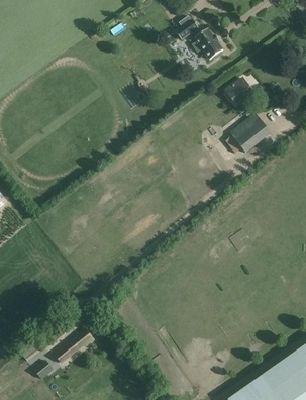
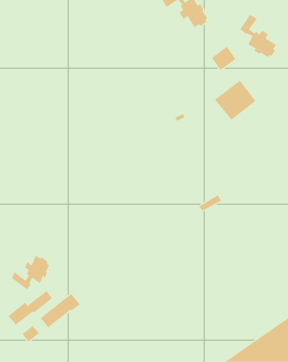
building: none -> [240,14,277,58]
building: none -> [11,254,50,290]

